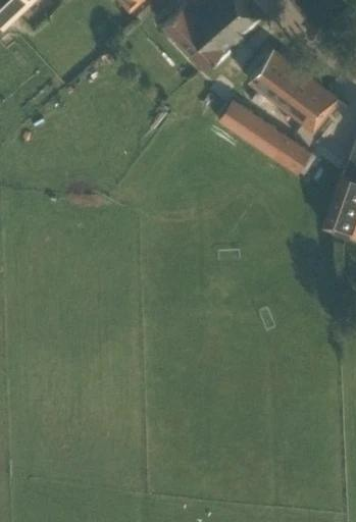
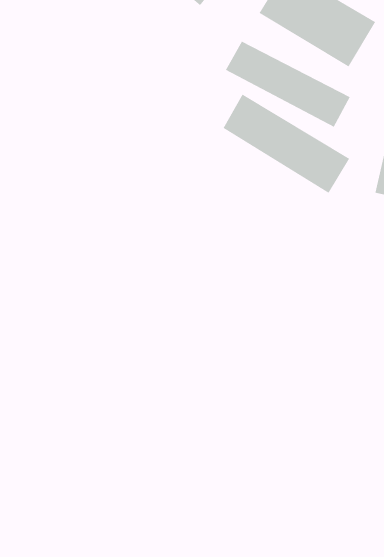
building: none -> [222,94,350,194]

